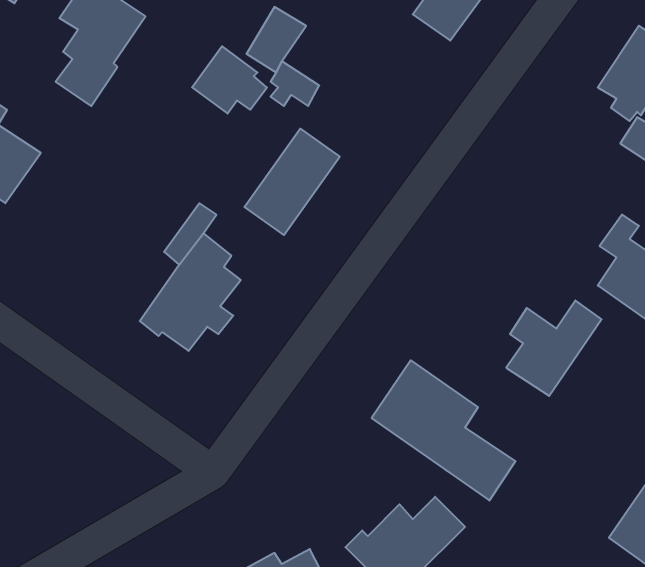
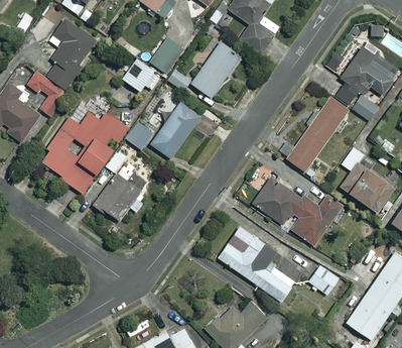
building: none -> [190,41,241,98]
building: none -> [26,71,70,118]
building: none -> [287,96,349,170]
building: none -> [44,110,128,193]
building: none -> [126,121,153,149]
building: none -> [249,175,301,225]
building: none -> [308,265,338,294]

